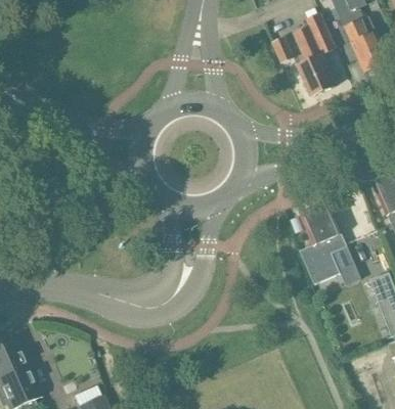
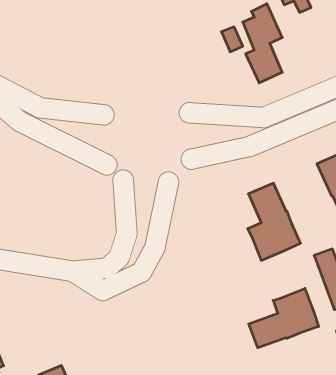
building: [345,15,388,72] -> none
building: none -> [249,288,319,348]

